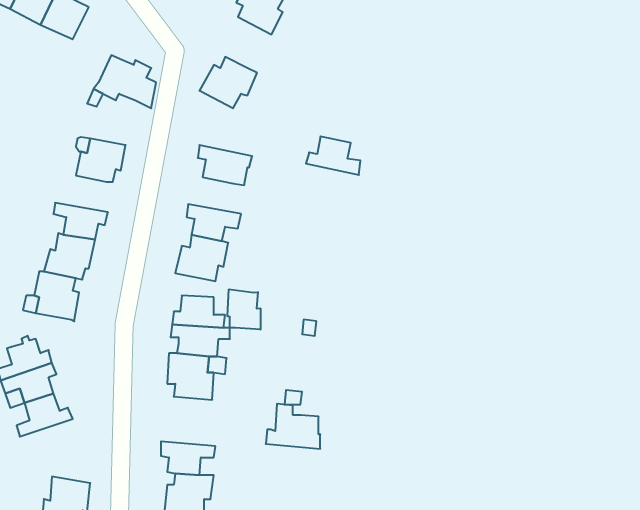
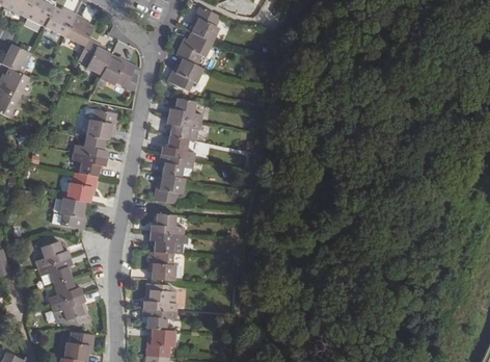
building: none -> [174,31,213,64]
building: none -> [78,37,111,74]
building: [306,136,360,175] -> [166,97,201,122]
building: none -> [73,134,108,158]
building: none -> [159,135,195,159]
building: [227,289,260,330] -> none
building: [266,404,320,449] -> [141,281,176,310]
building: none -> [50,292,92,325]

